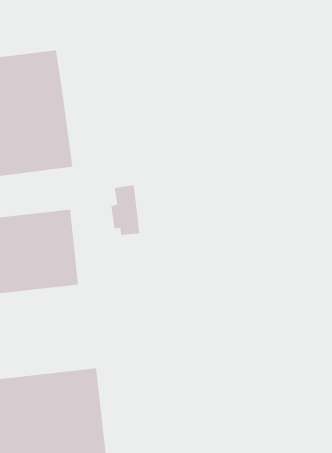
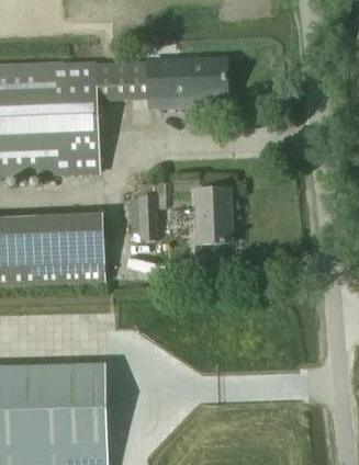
building: none -> [96,57,226,100]
building: none -> [195,186,233,243]

